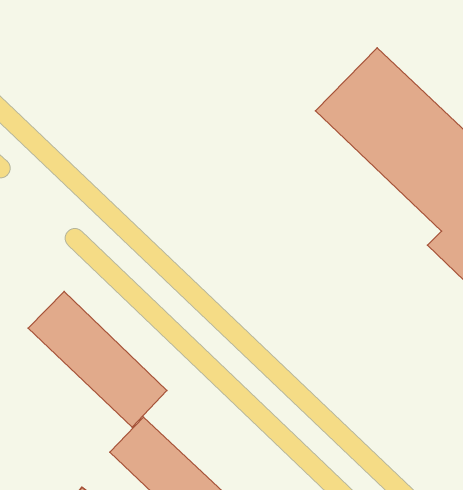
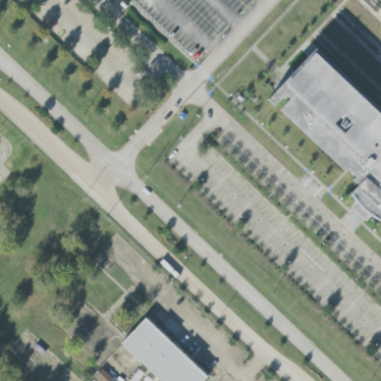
building: [28,291,167,427] -> none

